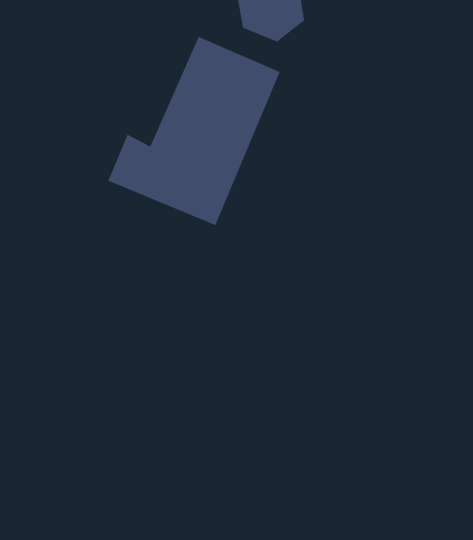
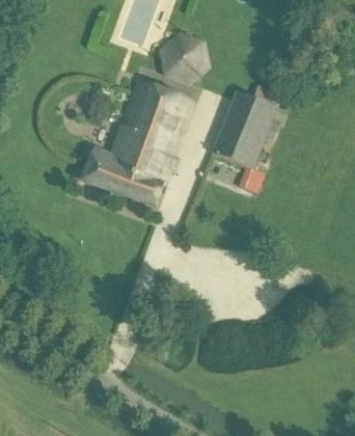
building: none -> [212,89,277,167]

